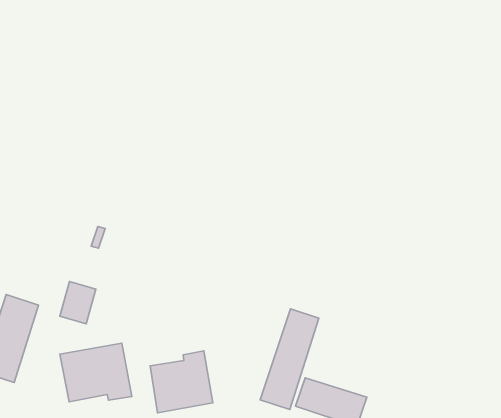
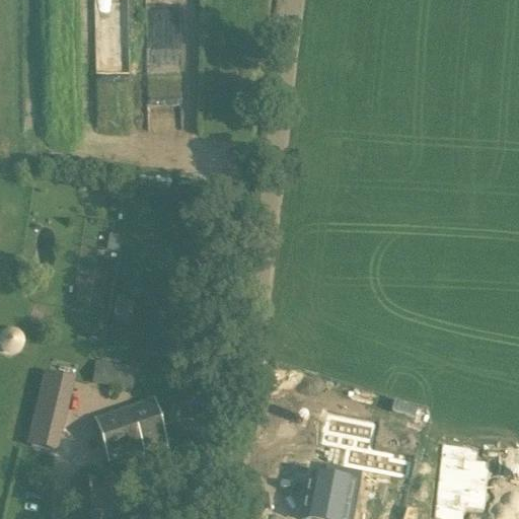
building: [260,309,319,410] -> none
building: [150,351,213,413] -> none

